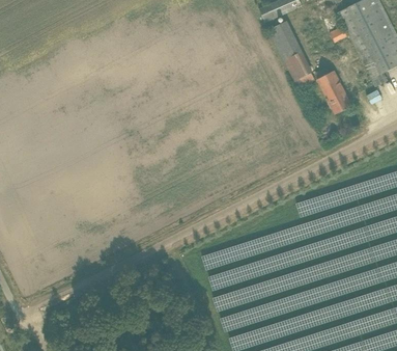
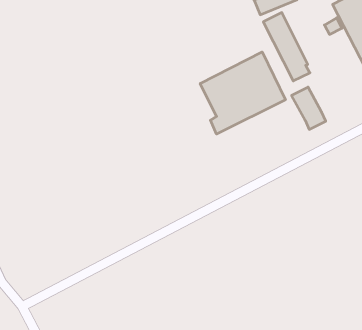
building: none -> [200,52,285,134]
building: [316,71,350,113] -> [292,87,326,129]

